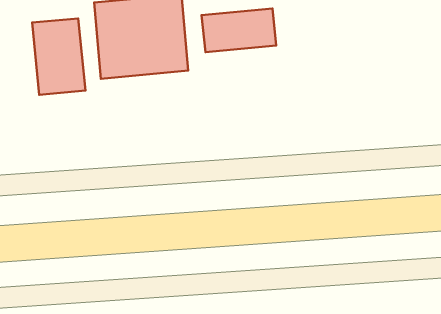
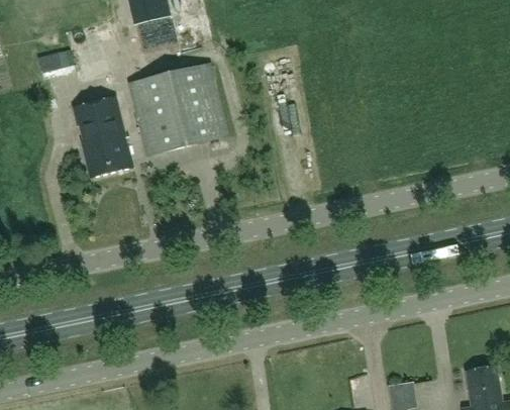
building: [202,8,276,52] -> none

